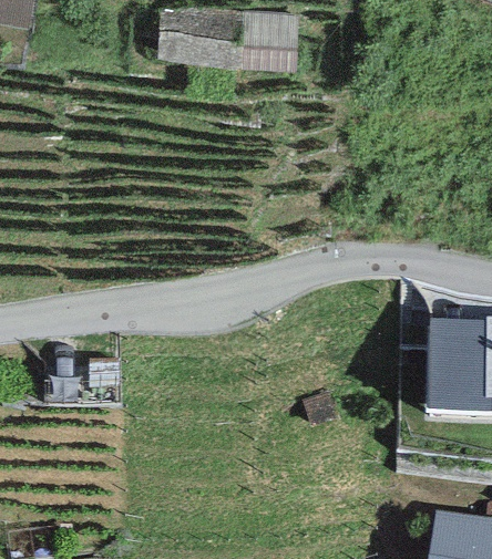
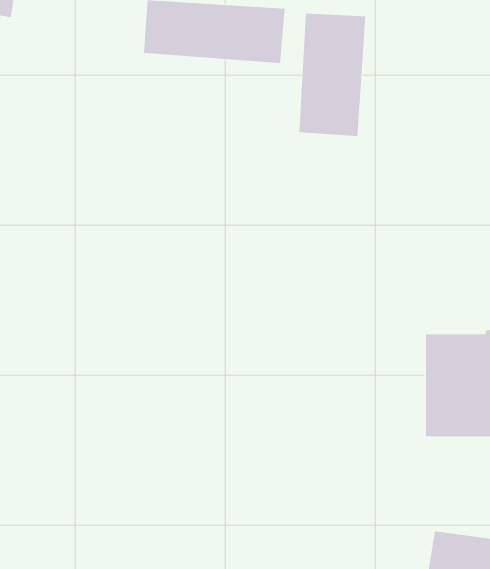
building: none -> [299,13,366,137]

